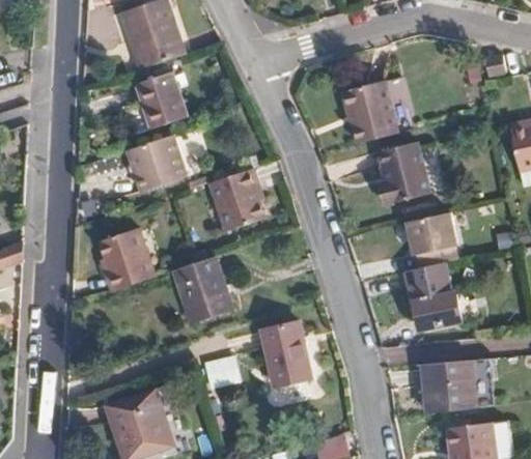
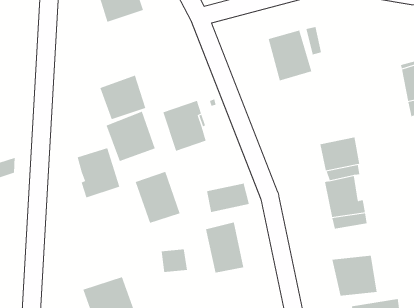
building: [140,67,191,126] -> none
building: [376,139,429,202] -> none
building: none -> [106,111,156,162]
building: none -> [206,182,249,213]

